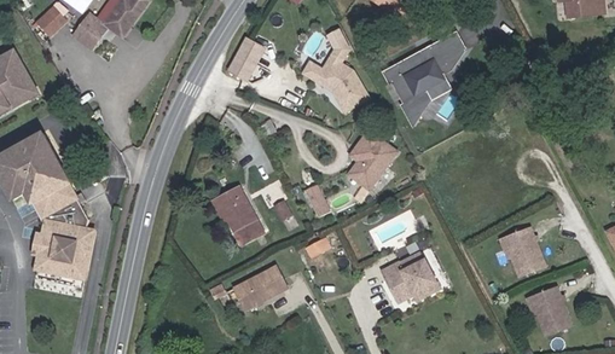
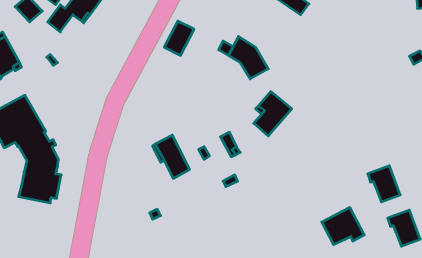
building: [383,33,464,126] -> none
building: [382,251,439,301] -> [322,208,364,245]
building: [233,266,286,309] -> none

